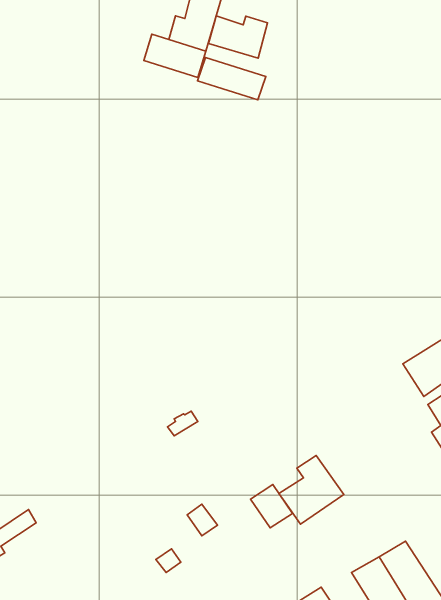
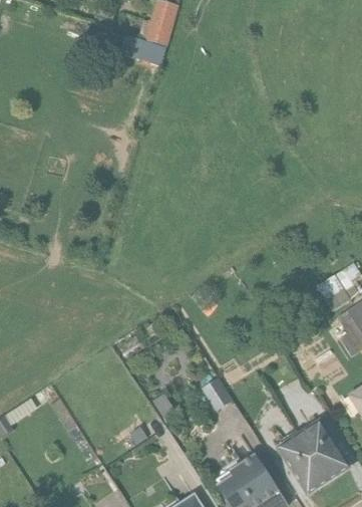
building: [209,16,267,58] -> none
building: [197,57,266,100] -> none
building: [279,456,344,524] -> none

